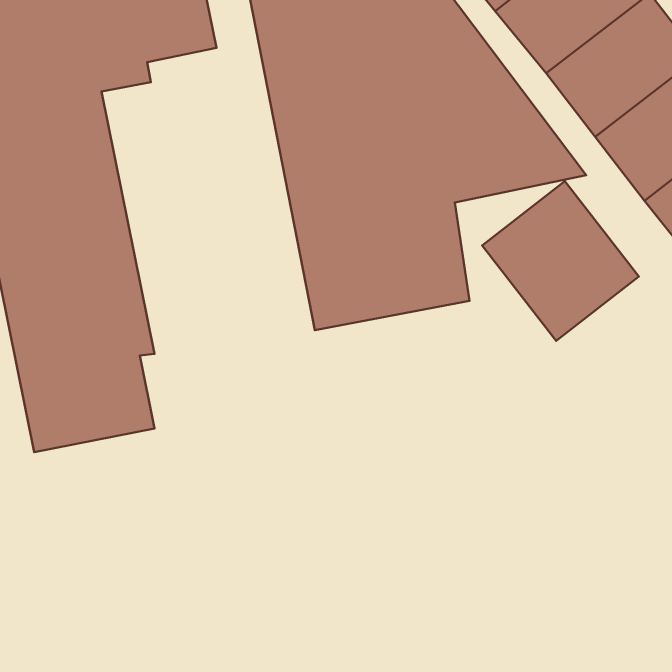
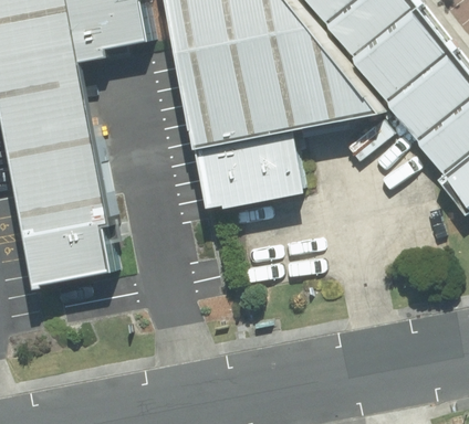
building: [482,181,639,341] -> none

